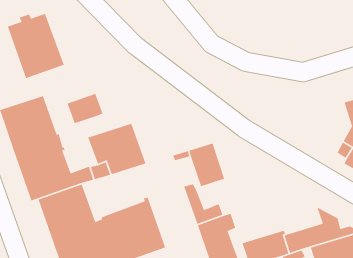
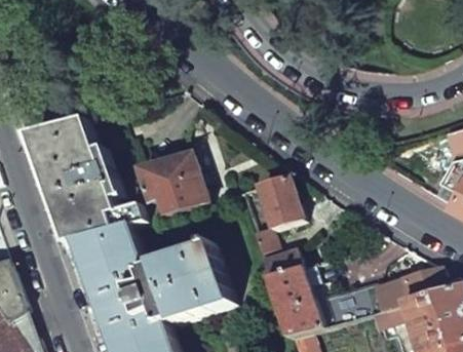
building: [7,13,65,79] -> none
building: [67,93,103,124] -> none

